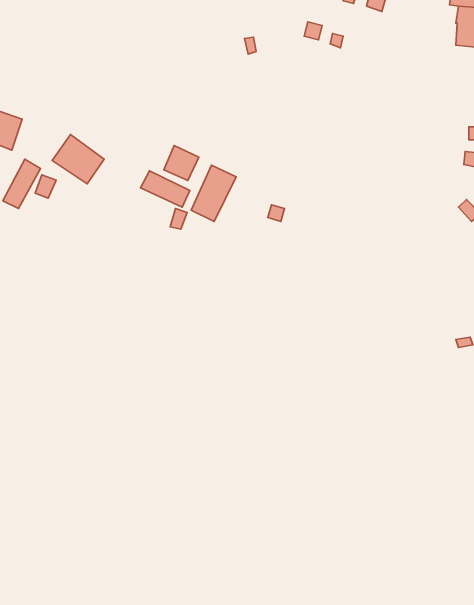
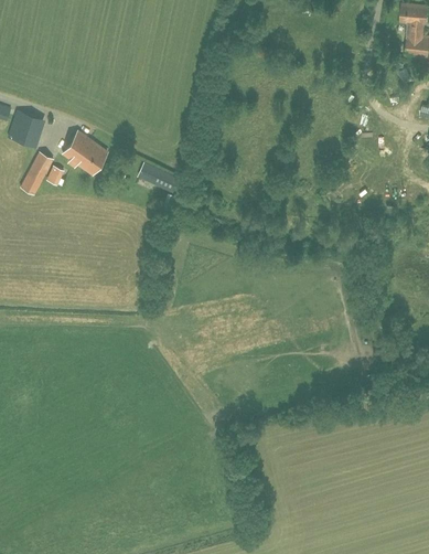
building: [164,146,199,181] -> none
building: [191,165,236,222] -> none

